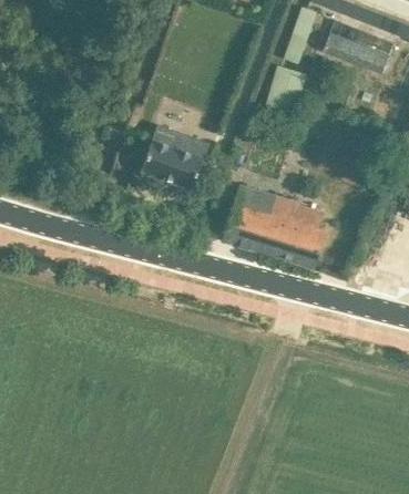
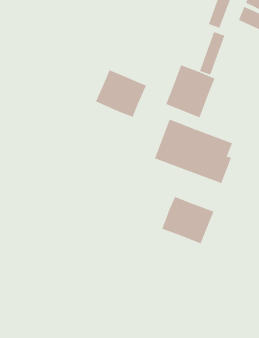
building: none -> [166,65,215,118]
building: none -> [162,196,214,244]

